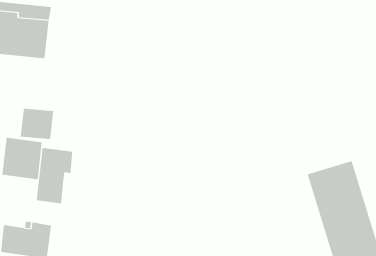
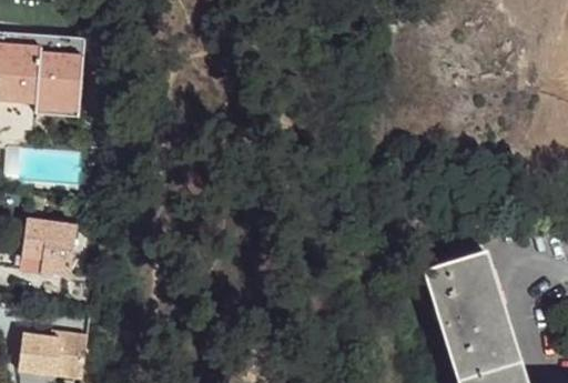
building: [20,108,54,140] -> none
building: [36,147,73,204] -> none

